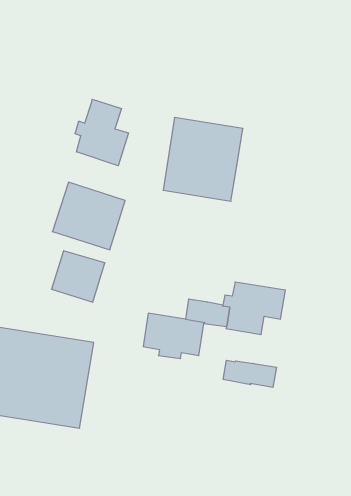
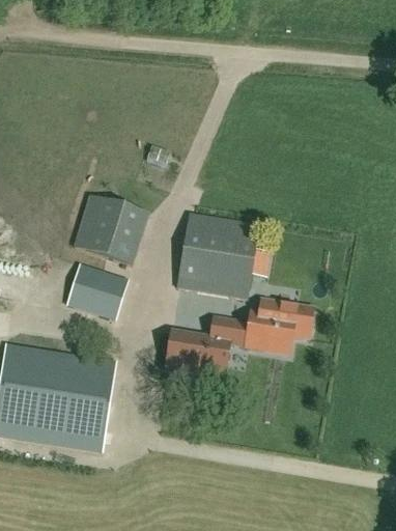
building: [75,99,128,166] -> none
building: [163,118,243,201] -> [176,213,258,299]
building: [223,360,277,387] -> none

